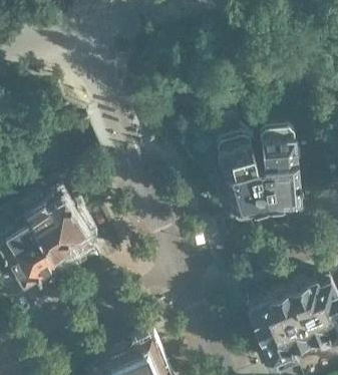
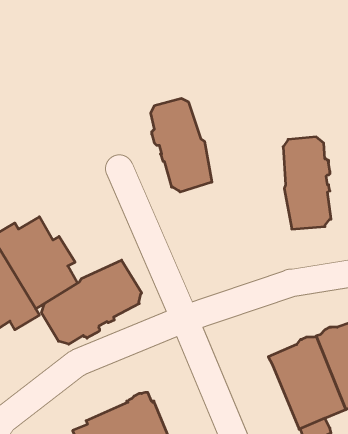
building: [219,136,269,213] -> [151,99,212,192]
building: none -> [42,260,142,344]

